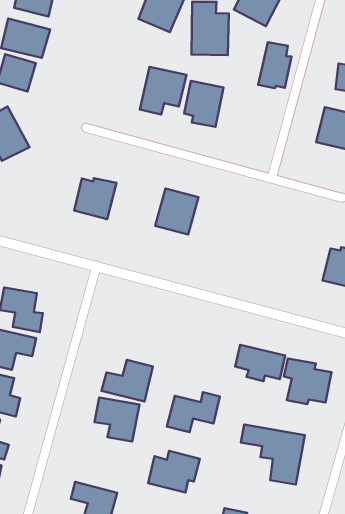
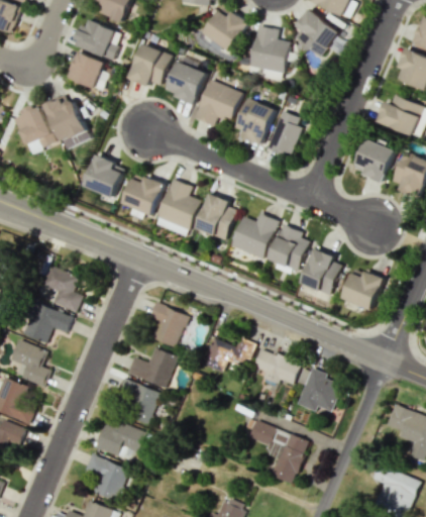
building: none -> [129,43,172,86]
building: [258,42,292,88] -> [268,110,302,154]
building: none -> [167,61,207,103]
building: none -> [84,156,125,197]
building: none -> [155,178,199,235]
building: none -> [230,213,278,258]
building: none -> [270,223,308,274]
building: none -> [300,247,341,295]
building: none -> [148,302,187,346]
building: [167,392,220,432] -> [201,337,253,373]
building: [148,451,200,492] -> [94,420,144,460]

